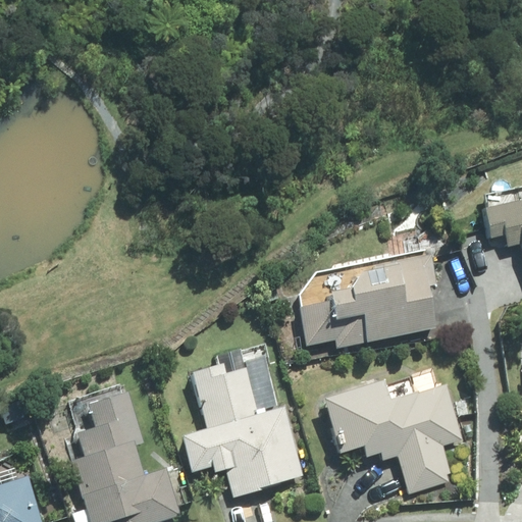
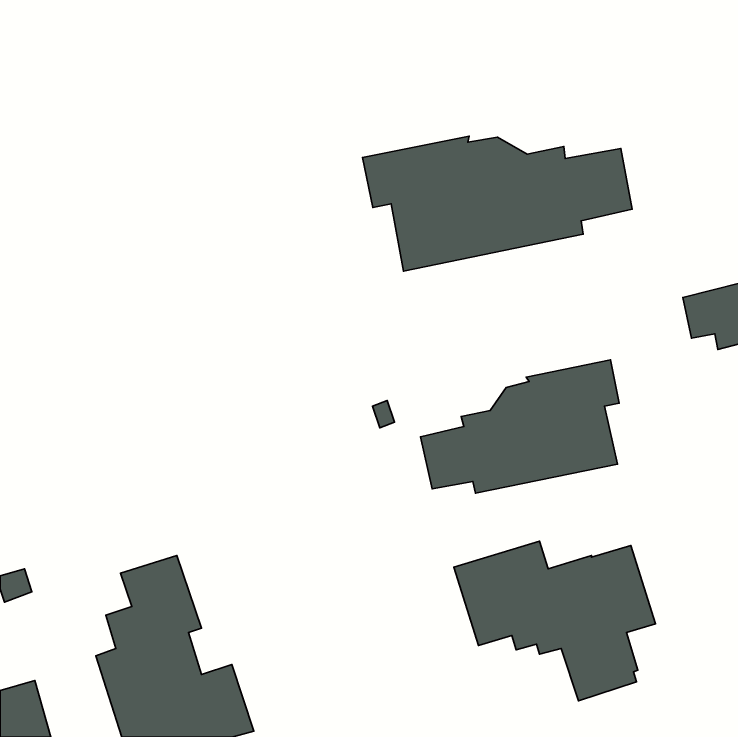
building: none -> [363,136,632,271]
building: [180,363,303,497] -> none

